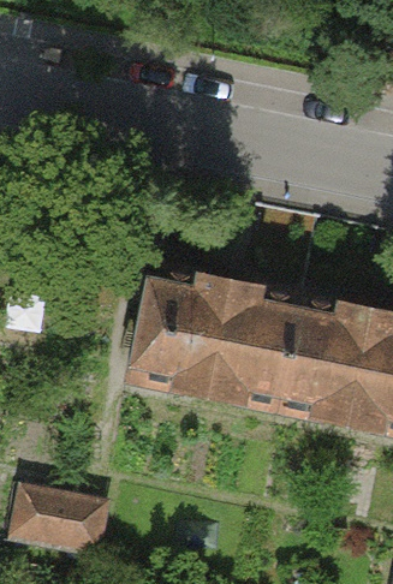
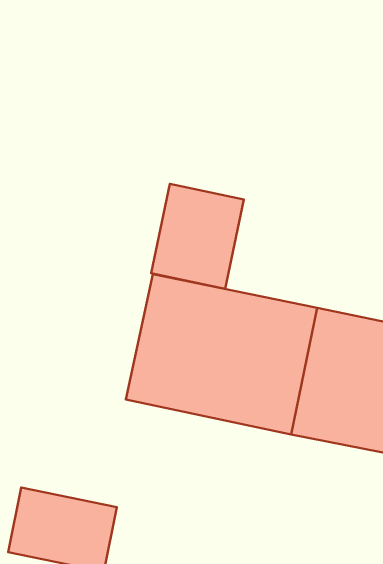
building: none -> [151,184,244,289]

